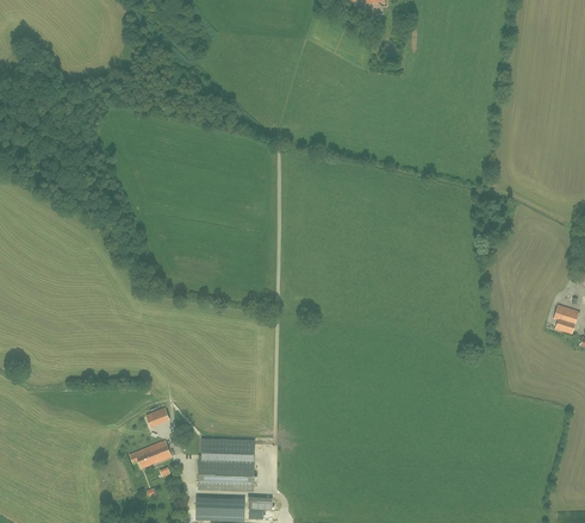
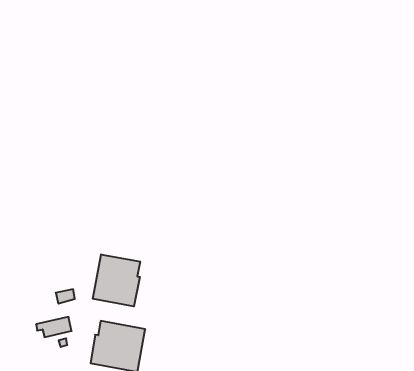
building: none -> [93,254,140,306]

